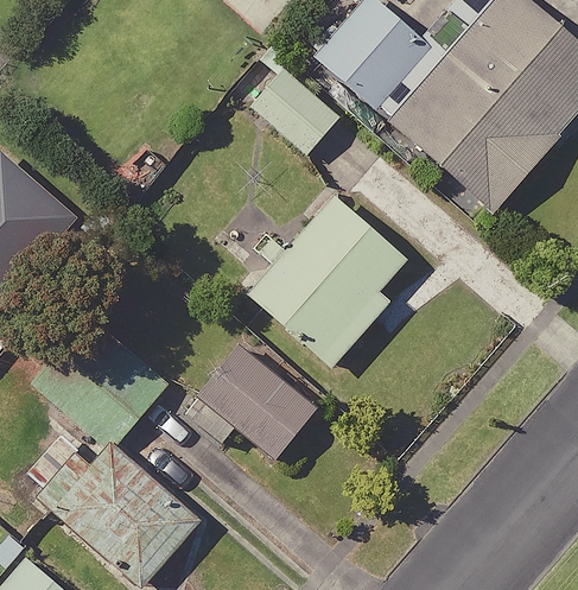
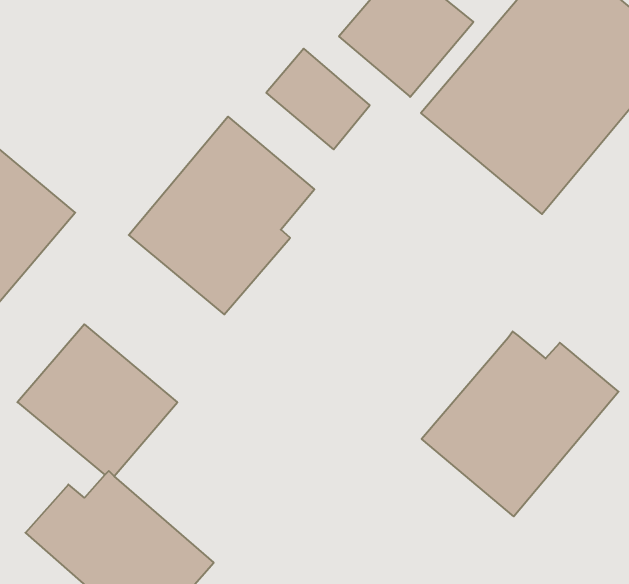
building: [246,194,409,368] -> [129,117,314,314]
building: none -> [422,331,619,516]
building: [196,343,322,467] -> none

